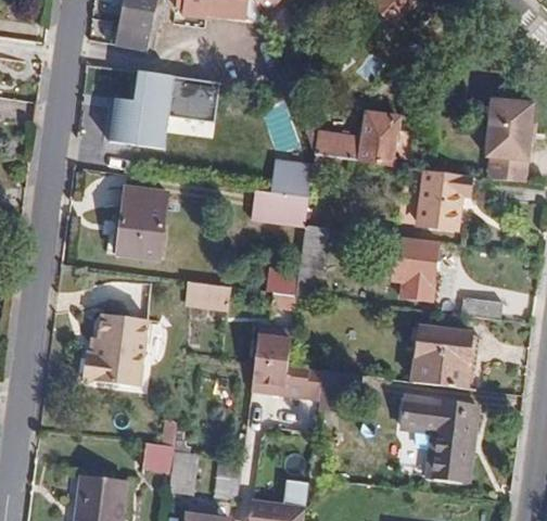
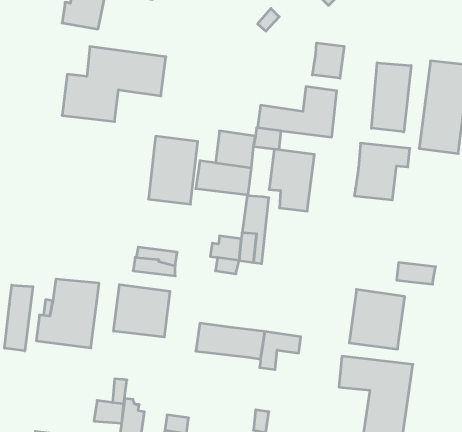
building: none -> [312,43,344,78]
building: none -> [371,63,411,132]
building: [115,187,167,258] -> [148,136,198,204]
building: [391,236,438,301] -> [269,149,314,211]
building: none -> [114,285,170,337]
building: none -> [5,285,33,351]
building: [254,325,292,365] -> none

